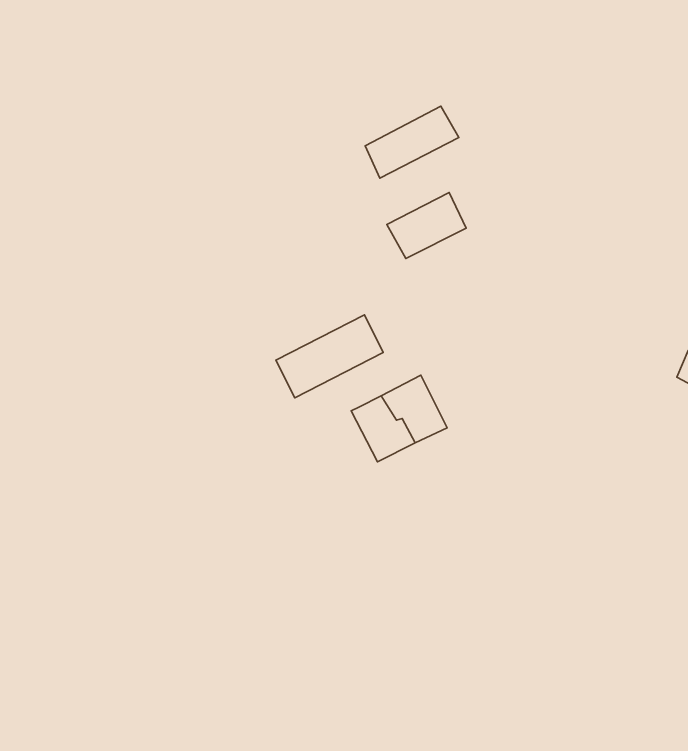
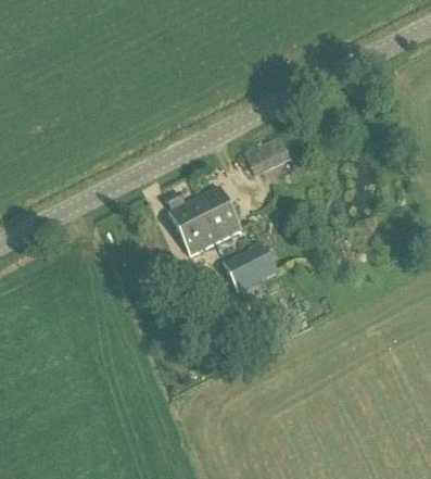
building: [365,106,459,178] -> none
building: none -> [167,187,231,234]

